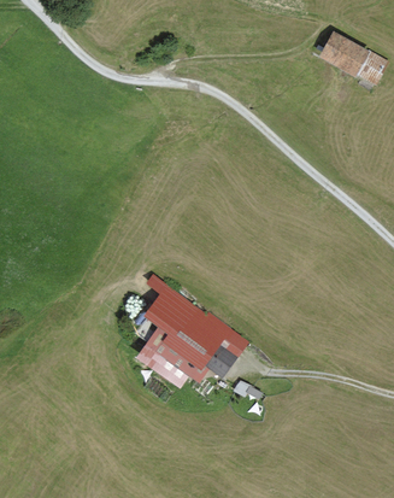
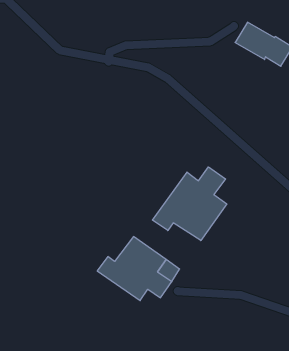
building: none -> [152,167,227,241]
building: [142,283,189,332] -> none

